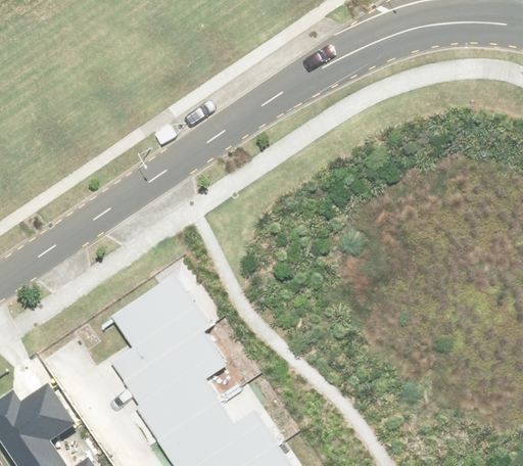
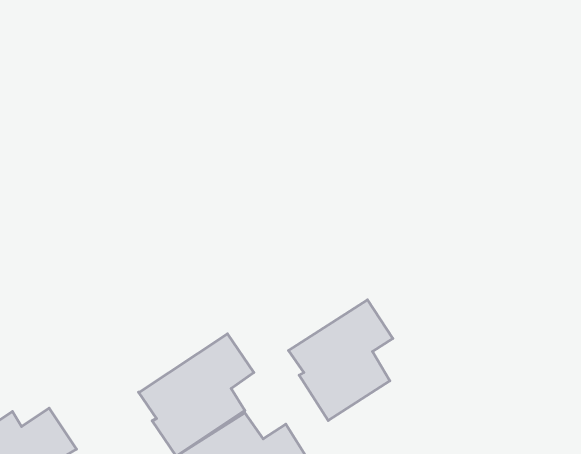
building: [112,272,207,377] -> none
building: none -> [288,300,393,421]

